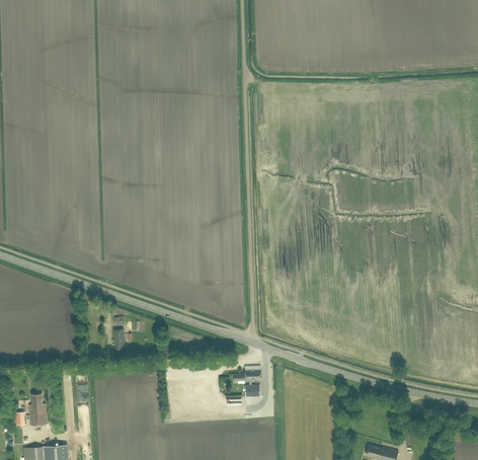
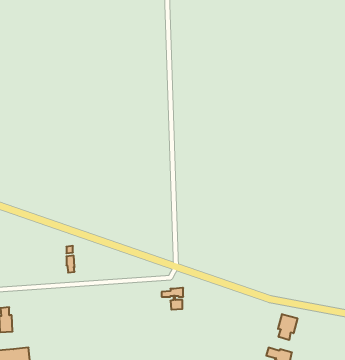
building: none -> [278,314,297,340]

